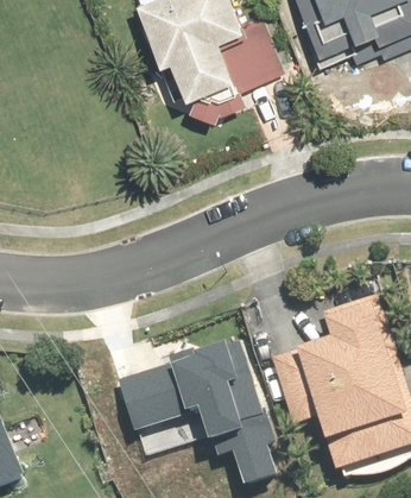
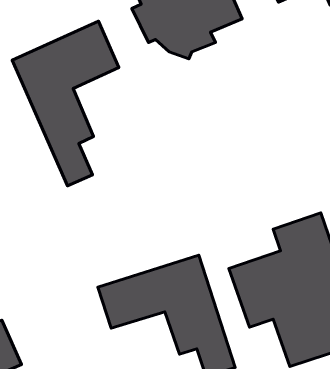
building: none -> [12,21,119,186]

